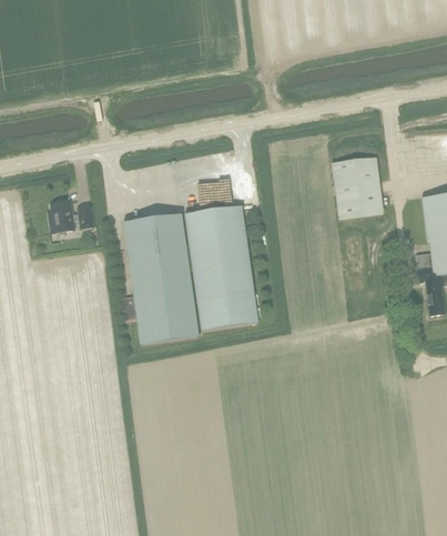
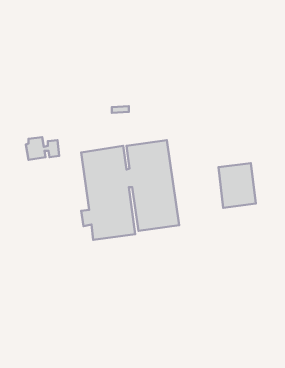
building: [332,155,383,216] -> [218,163,256,208]

